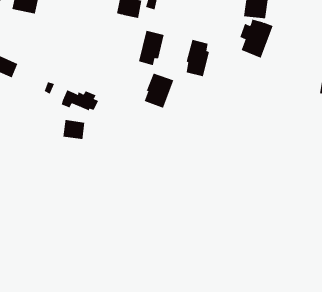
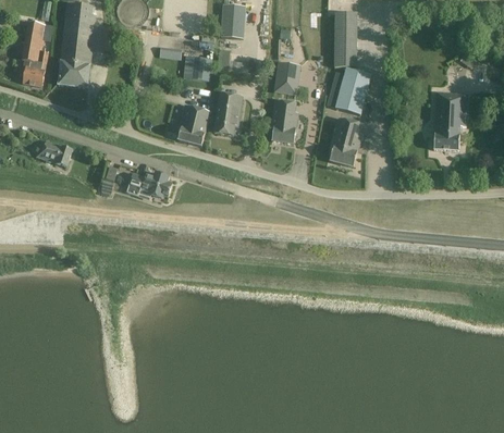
building: none -> [273,63,298,94]
building: none -> [329,119,361,166]
building: [144,73,174,109] -> [176,104,210,146]
building: [63,119,85,140] -> none

